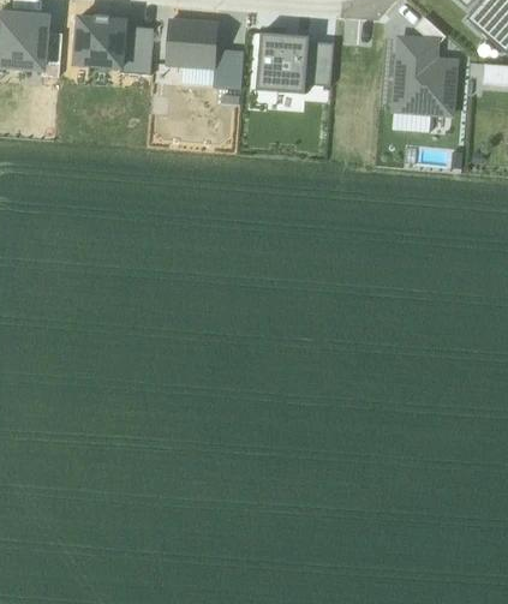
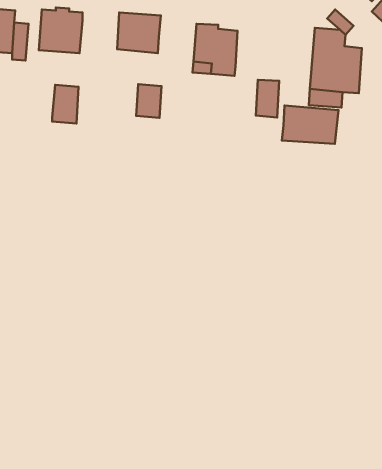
building: [121,28,153,73] -> [52,85,79,123]
building: [305,40,333,84] -> [256,80,279,118]
building: [213,47,243,86] -> [136,84,162,118]
building: none -> [282,106,339,144]

